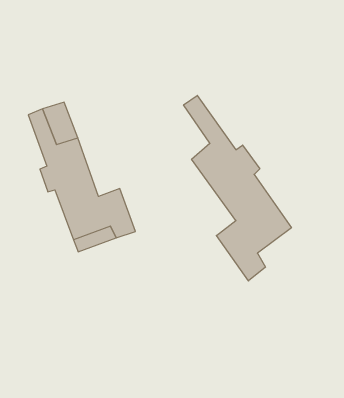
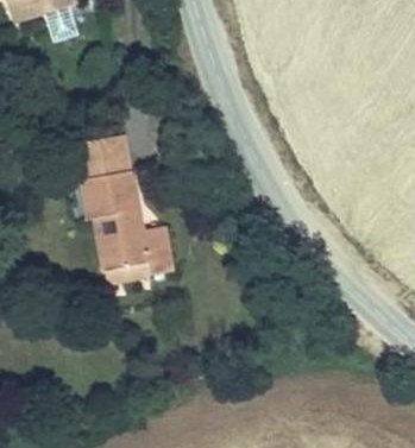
building: [184,95,291,281] -> none

